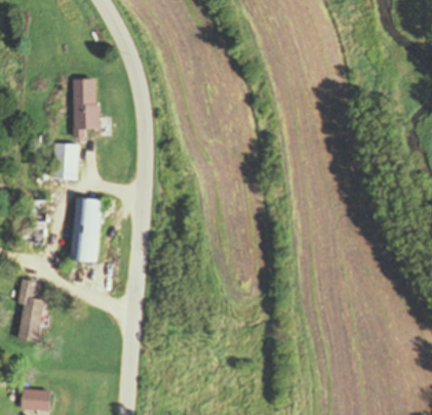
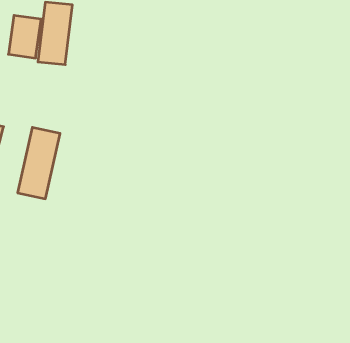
building: [53,142,79,179] -> [8,15,41,58]

